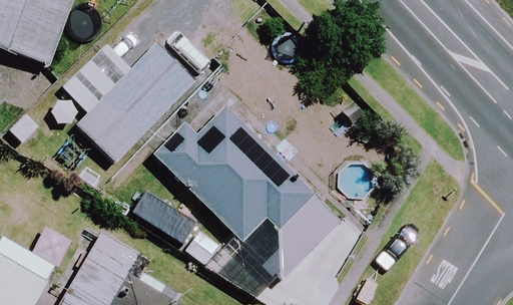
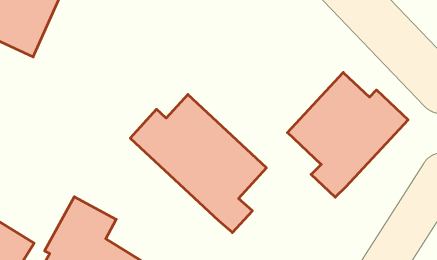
building: [63,43,191,162] -> none
building: none -> [287,72,408,197]

